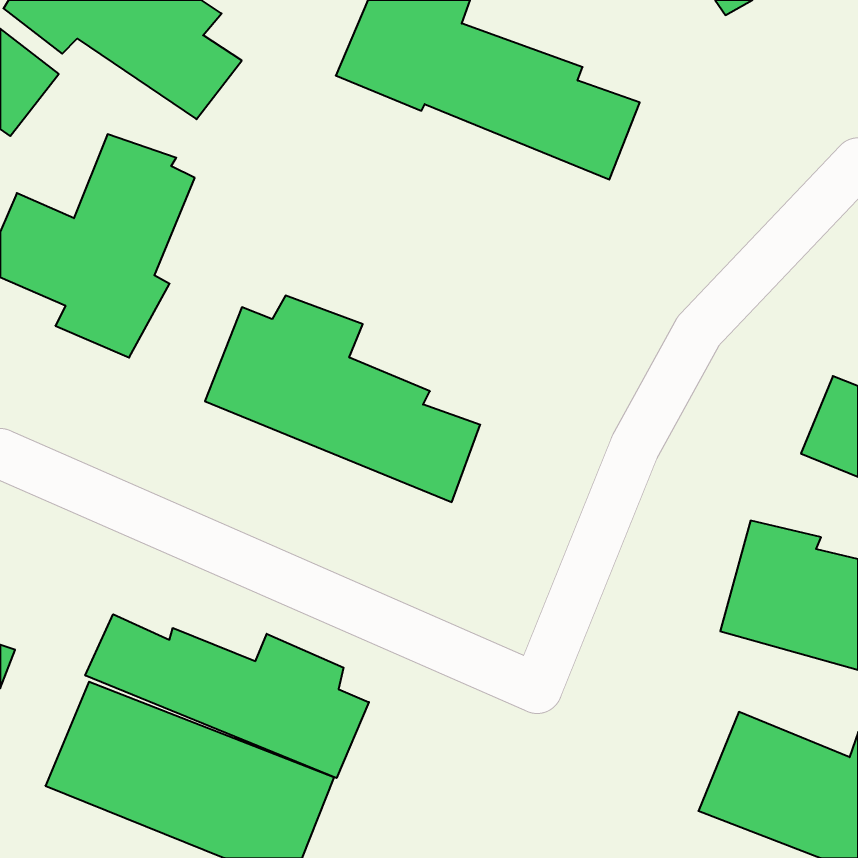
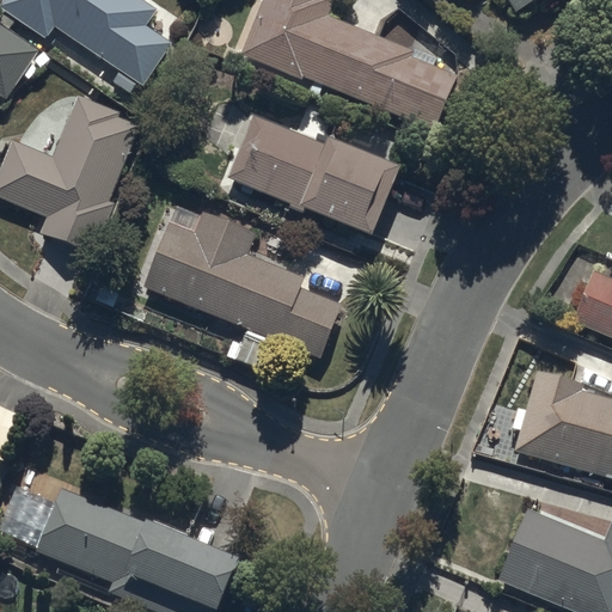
building: none -> [222,111,398,231]
building: [85,614,369,778] -> none

